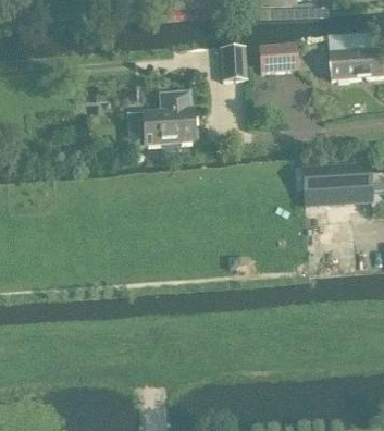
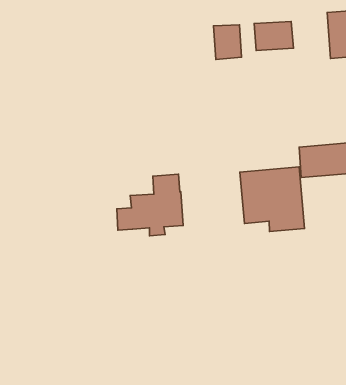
building: [128,91,193,151] -> [117,174,183,236]
building: none -> [240,167,304,231]

